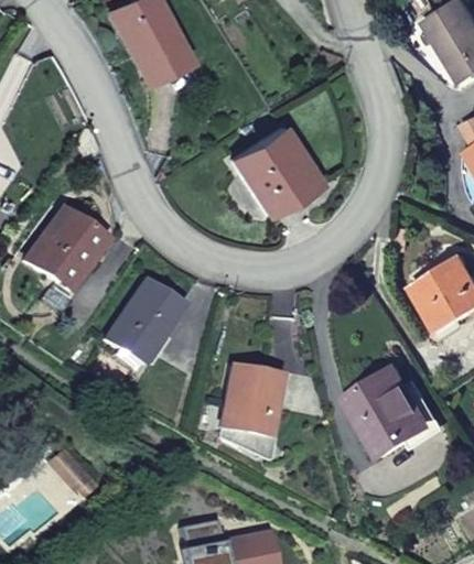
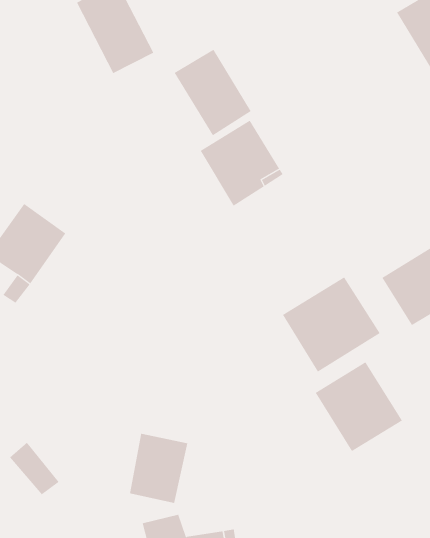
building: none -> [174,49,252,136]
building: [104,281,181,365] -> none
building: none -> [282,276,380,372]
building: [219,367,278,436] -> [129,433,188,503]

